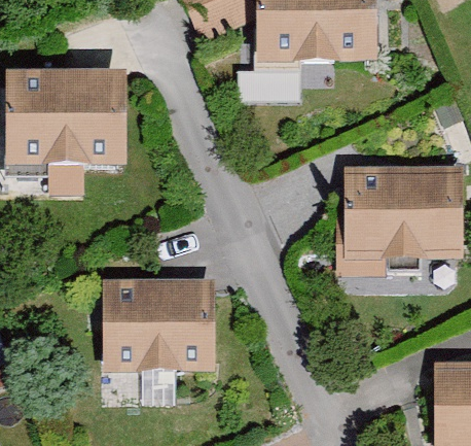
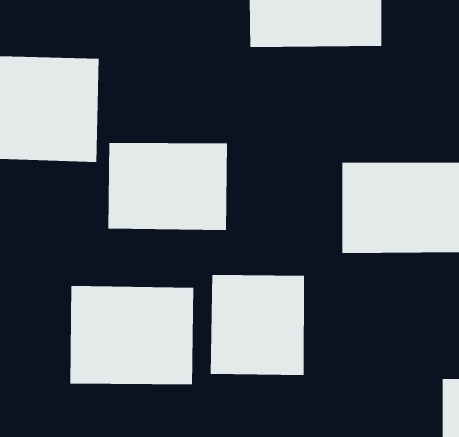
building: none -> [107,142,228,231]
building: none -> [210,274,305,376]

